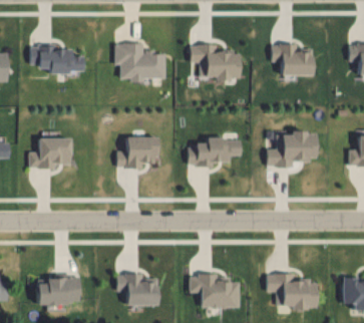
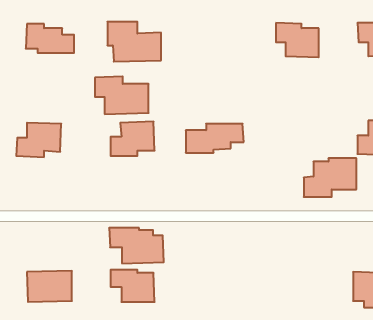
building: [190,43,240,78] -> [95,76,149,114]
building: [268,130,317,167] -> [304,158,356,197]
building: [268,273,318,308] -> none
building: [190,274,241,307] -> [109,228,164,263]

